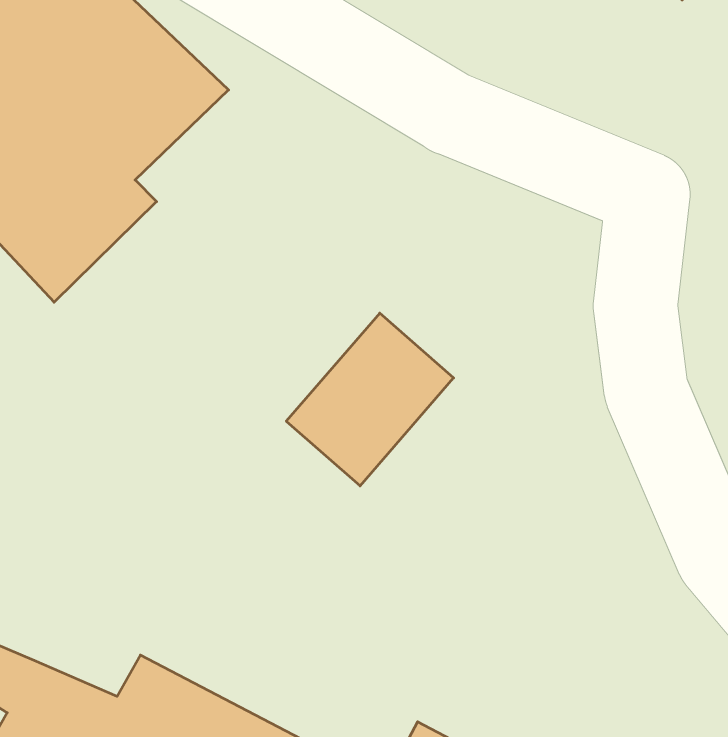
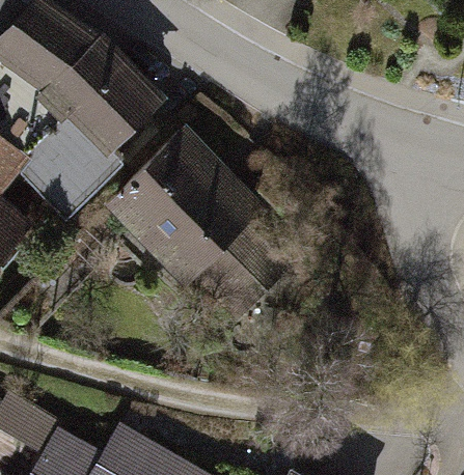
building: none -> [105,131,265,290]

